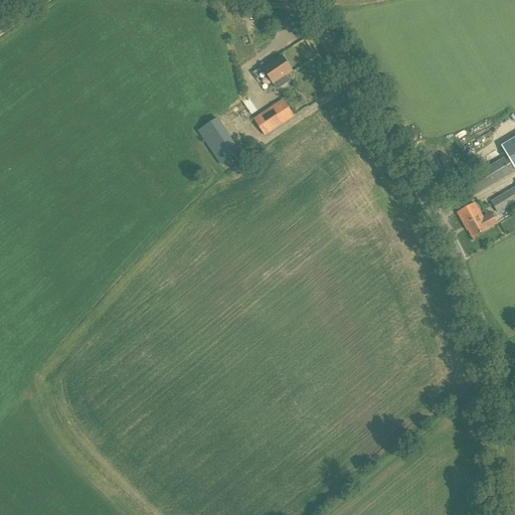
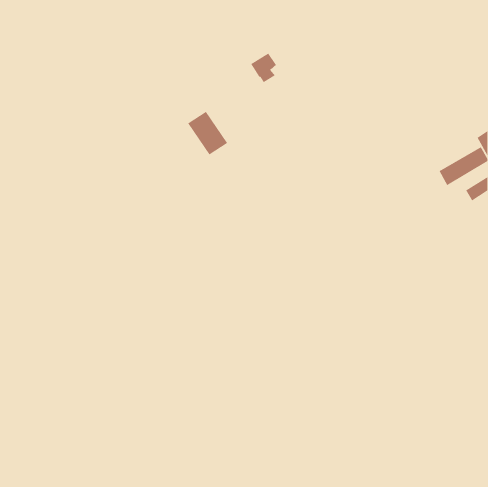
building: [253,99,294,134] -> none
building: [458,202,498,236] -> none

